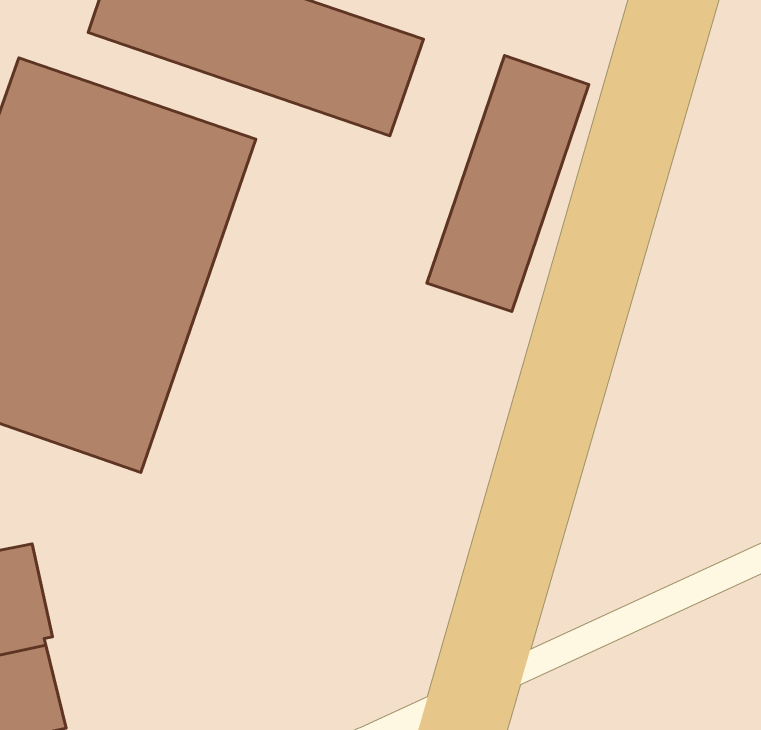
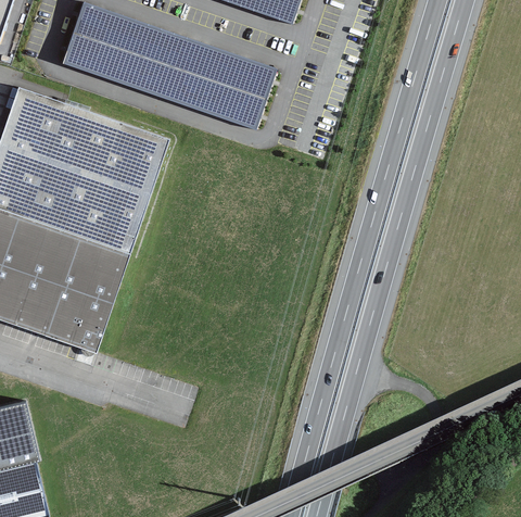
building: [427,55,589,312] -> none

